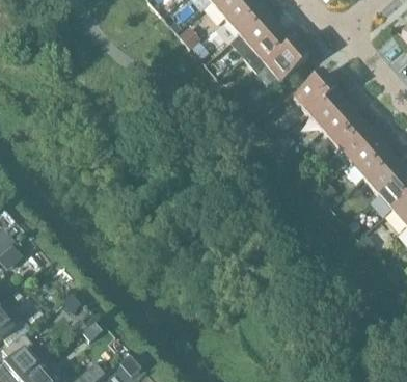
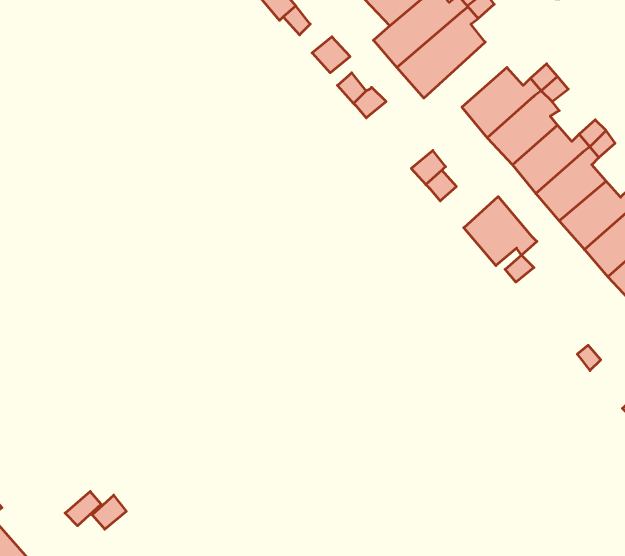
building: none -> [464,197,537,266]

